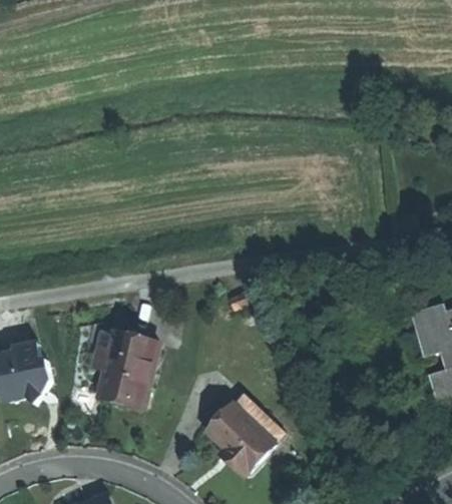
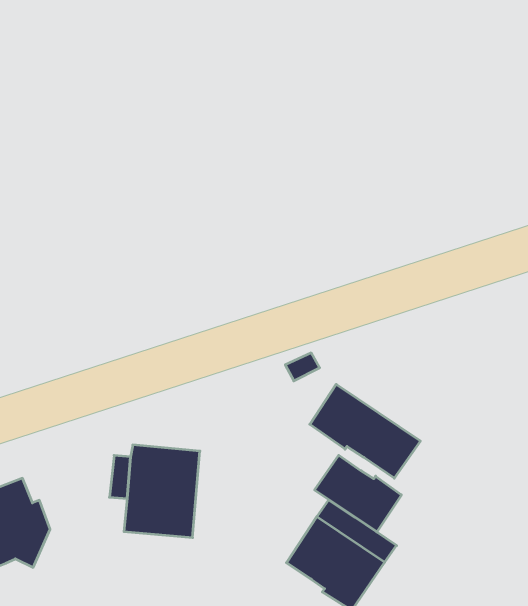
building: none -> [310,384,420,478]
building: none -> [315,455,401,532]

